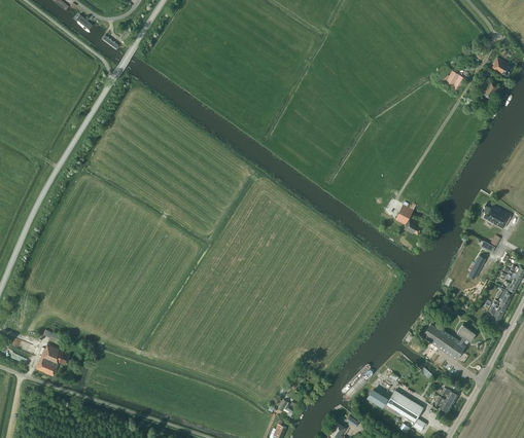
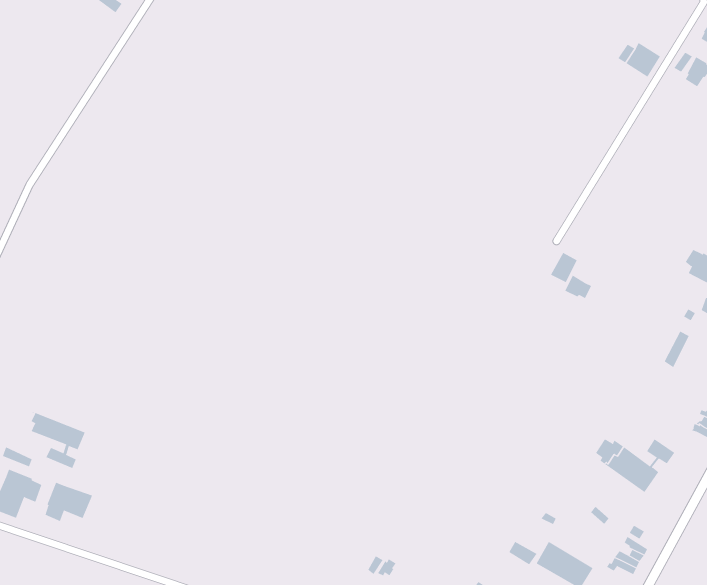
building: none -> [31,411,86,469]
building: none -> [45,482,93,522]

